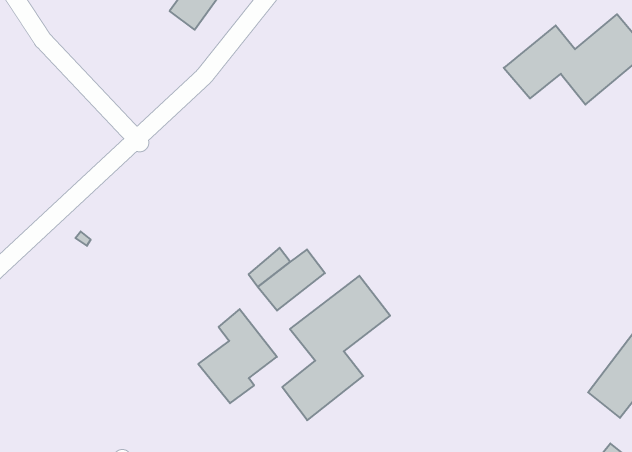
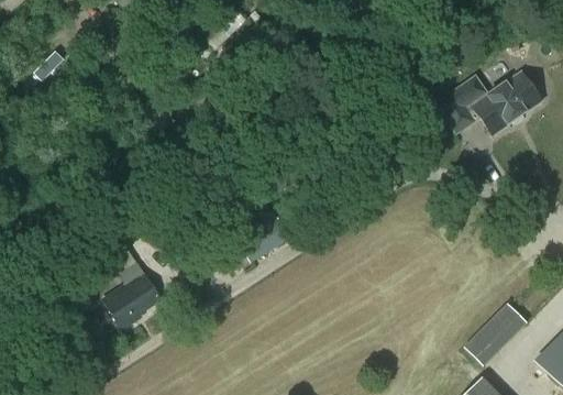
building: [282,276,390,420] -> none
building: [198,309,277,403] -> [103,261,161,328]

